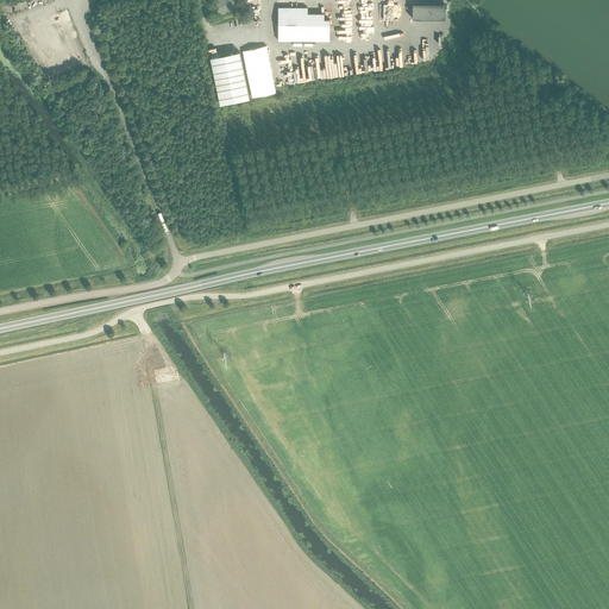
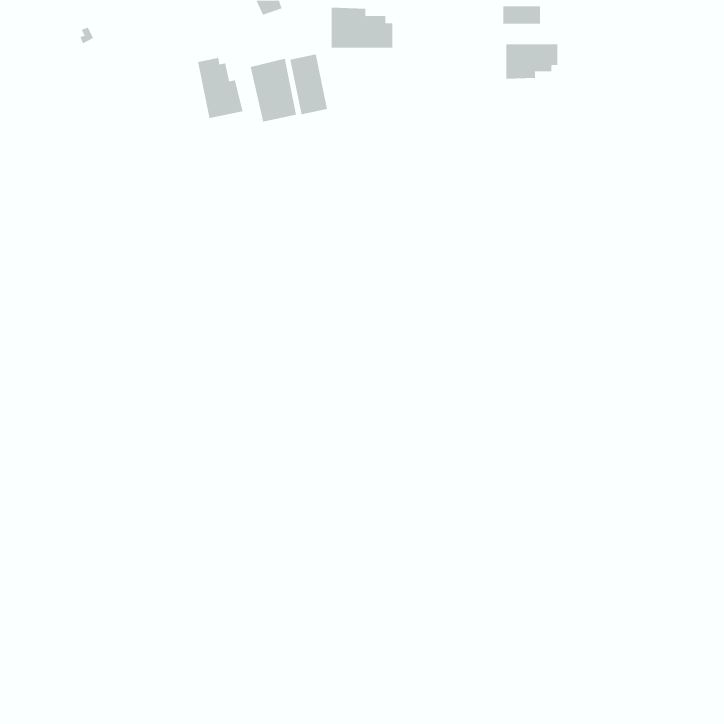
building: none -> [506,43,558,80]
building: none -> [197,57,243,119]

